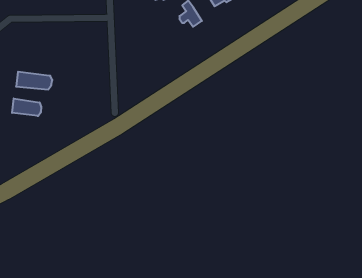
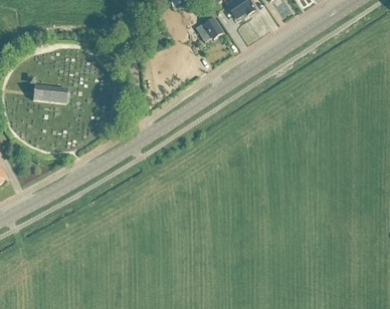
building: [12,98,41,116] -> none

